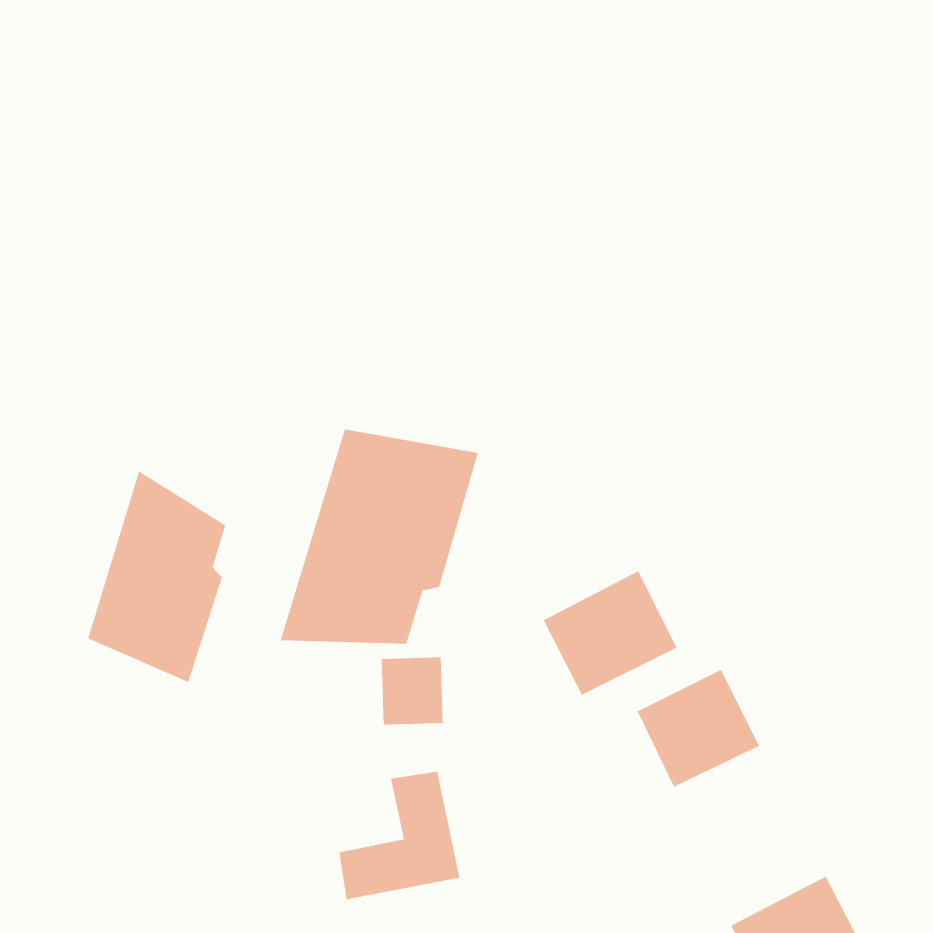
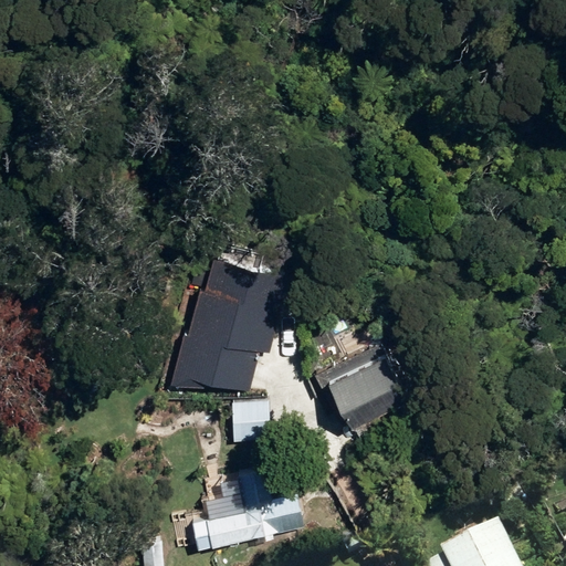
building: [88,470,226,683] -> none
building: [637,669,760,787] -> none

